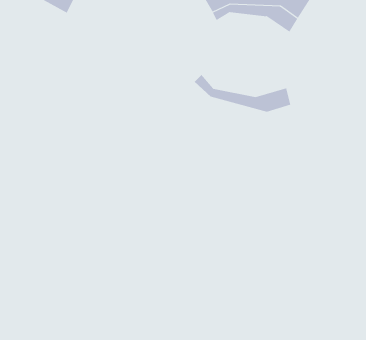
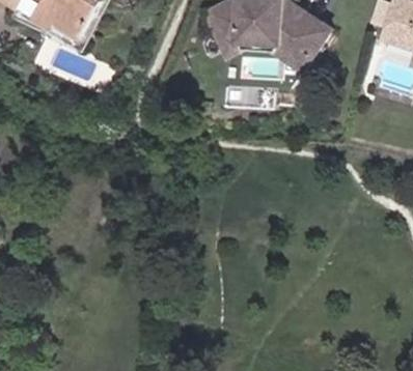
building: [194,74,291,113] -> none

